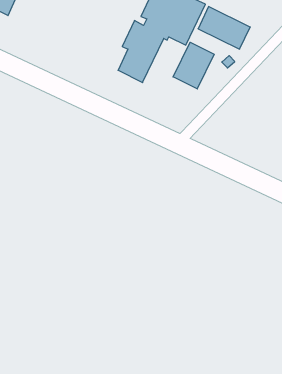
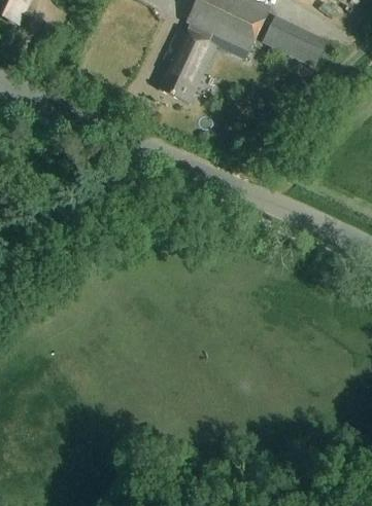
building: [173,42,214,89] -> none

